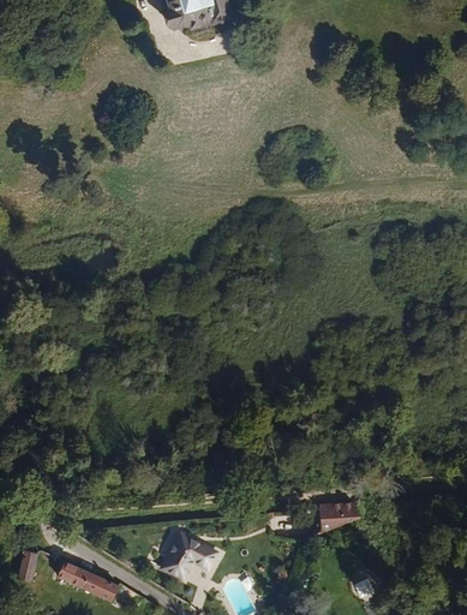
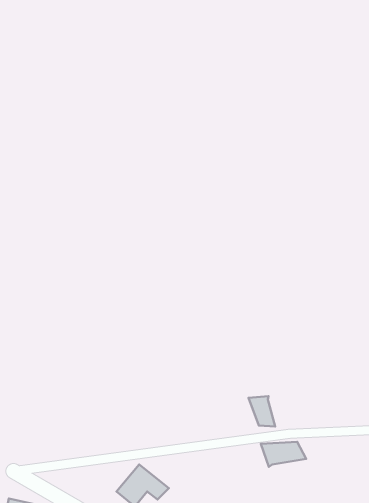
building: none -> [248,396,275,427]

